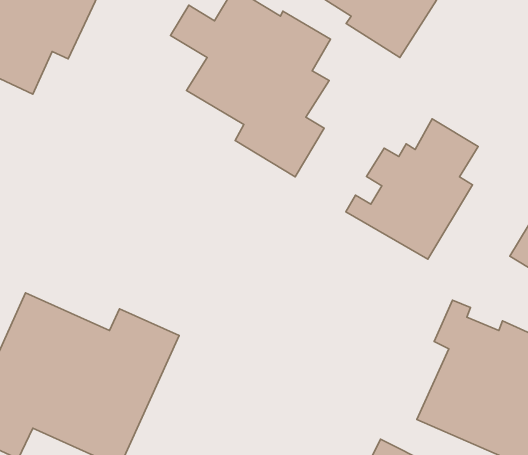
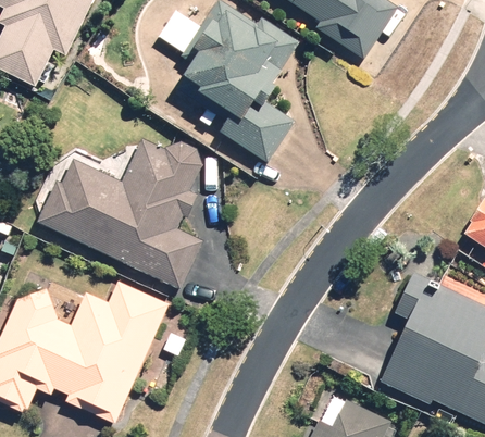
building: [346,119,478,259] -> none
building: none -> [36,137,202,289]

